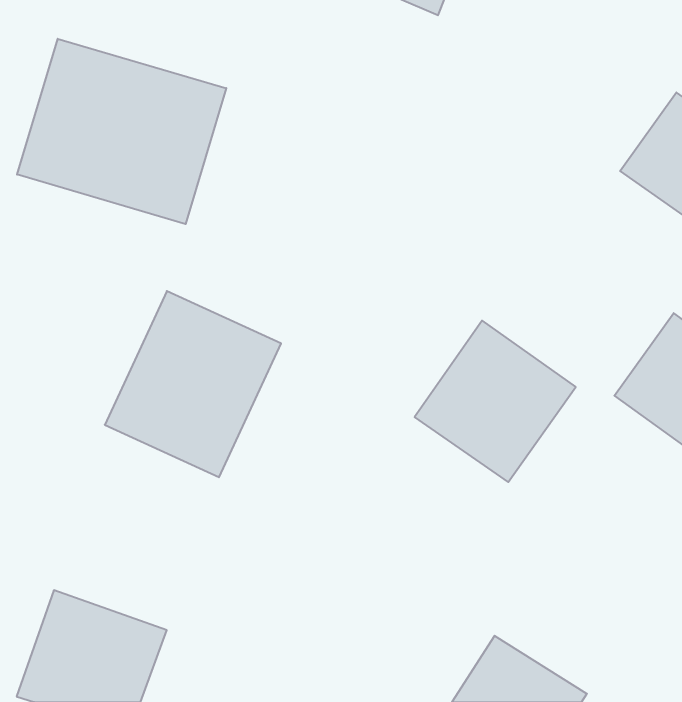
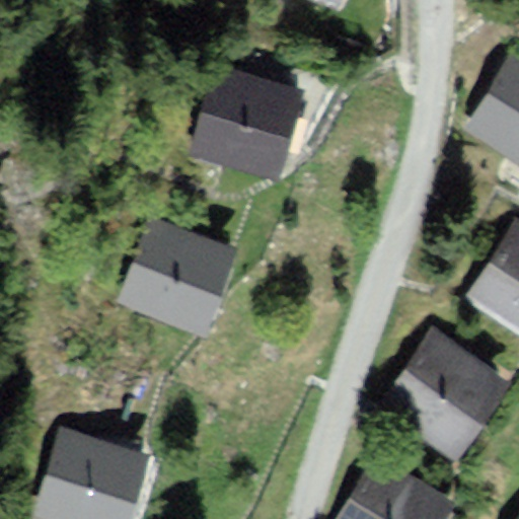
building: [17,39,226,224] -> none
building: none -> [201,71,301,177]
building: [415,321,576,482] -> [383,340,502,458]

